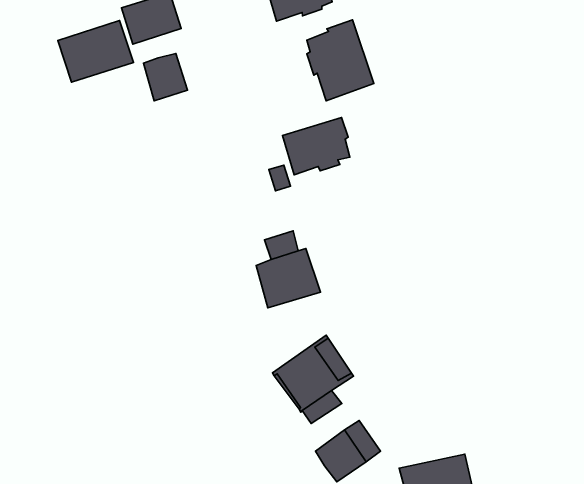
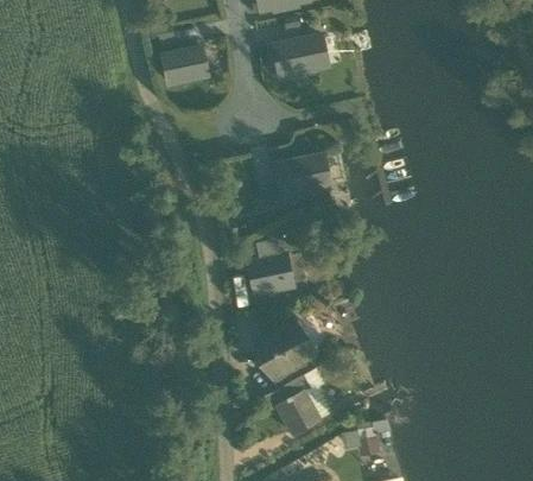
building: [307,20,374,101] -> none
building: [58,21,133,82] -> none
building: [143,54,187,101] -> none

